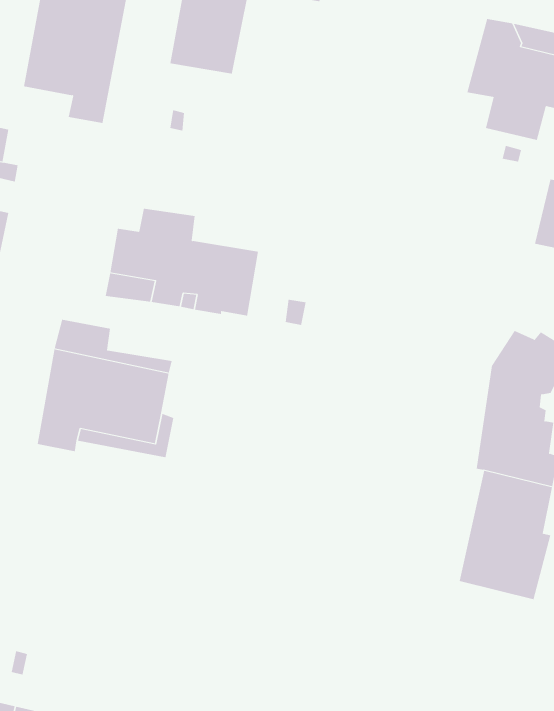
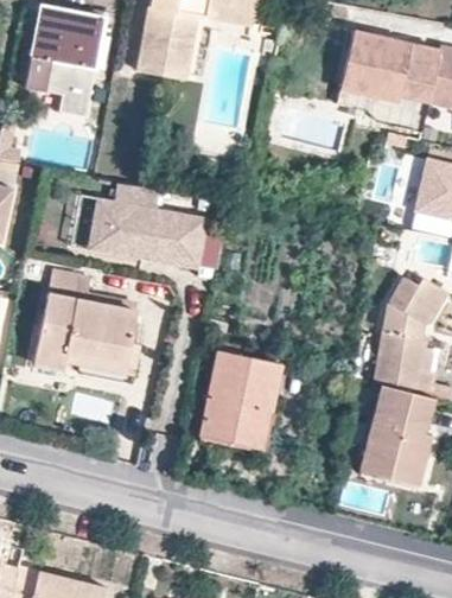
building: none -> [339,30,381,94]
building: none -> [199,349,282,450]

